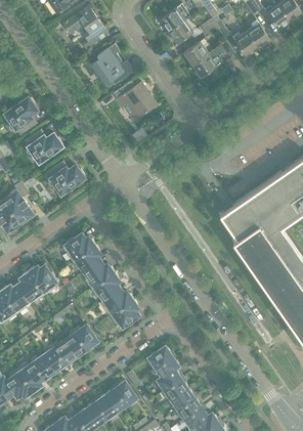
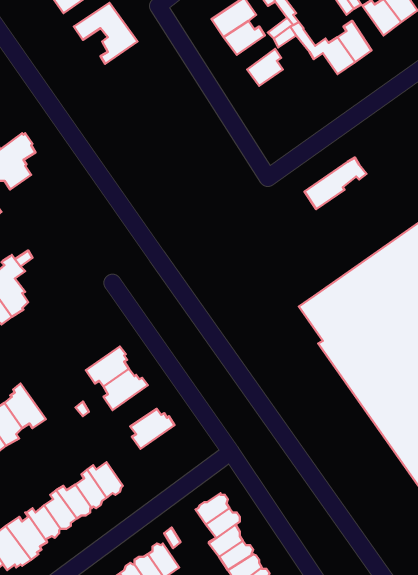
building: [191,42,234,78] -> [304,157,367,209]
building: [91,45,134,86] -> none
building: [114,82,157,122] -> none
building: [24,132,62,164] -> none
building: [45,164,85,196] -> none
building: [64,233,95,262] -> none
building: [27,265,56,296] -> none
building: [90,272,121,301] -> none
building: [110,300,140,329] -> none

